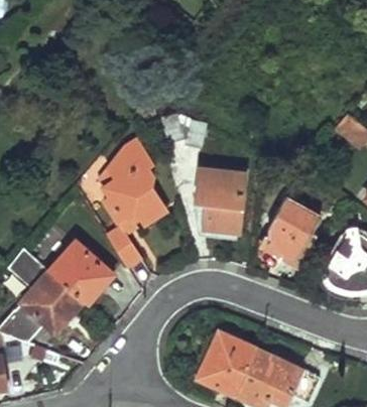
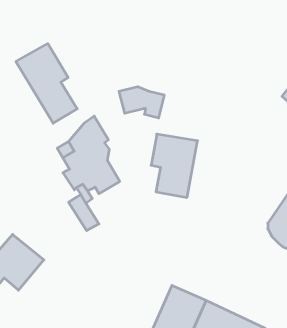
building: none -> [16,44,77,123]
building: [263,196,320,260] -> none
building: [49,241,114,304] -> none

